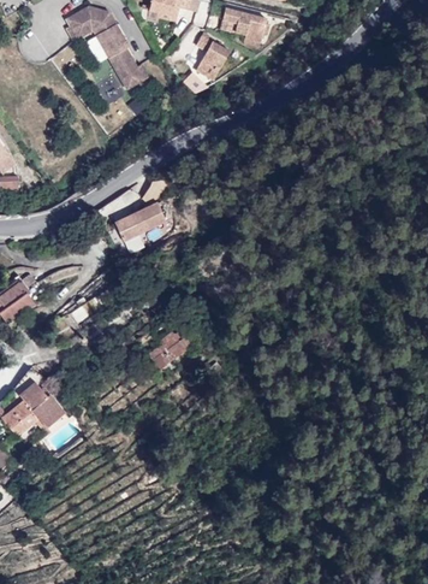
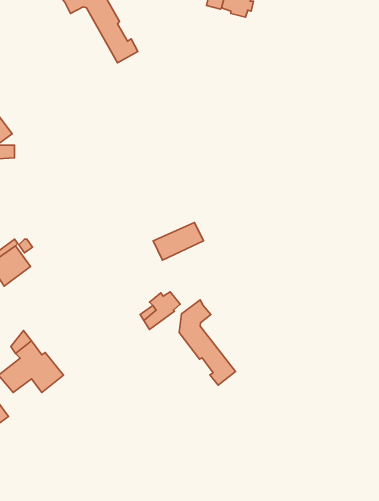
building: [195,36,228,79] -> none
building: [113,202,166,242] -> [153,222,204,260]
building: none -> [179,300,235,385]

